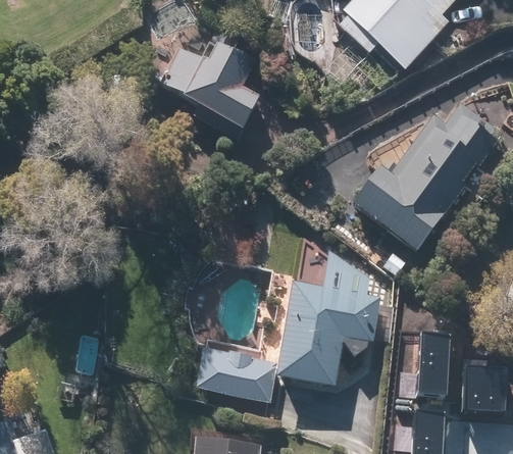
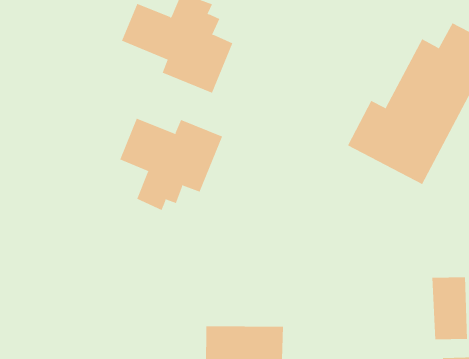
building: none -> [119,118,223,211]
building: [278,263,379,387] -> none

